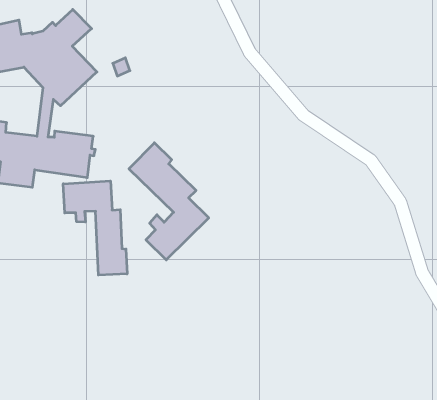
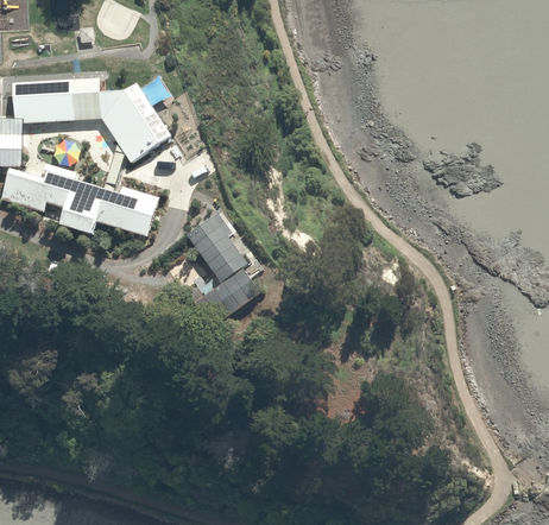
building: [63,181,127,275] -> none

